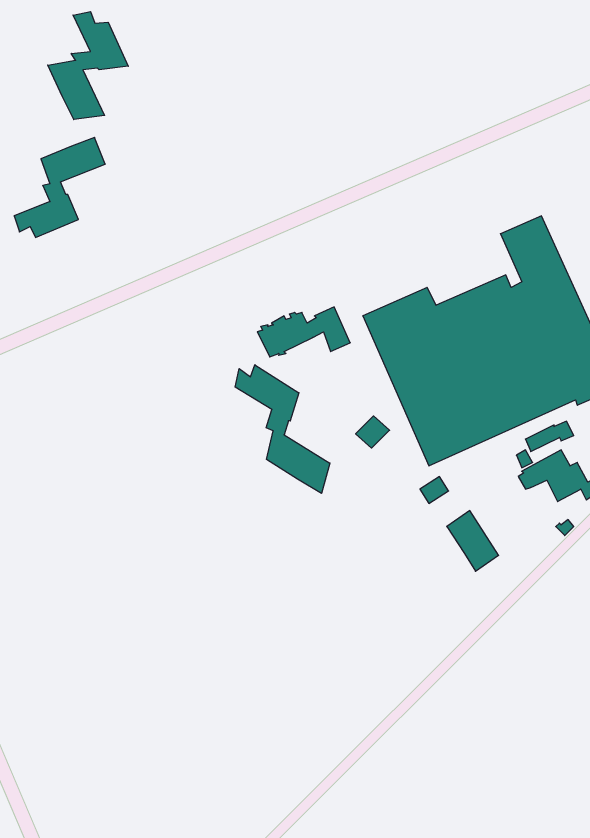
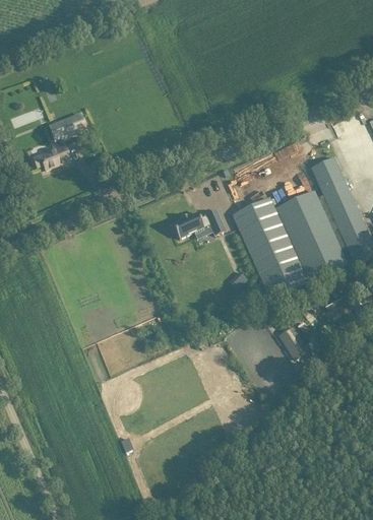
building: [48,12,128,120] -> none
building: [235,365,330,493] -> none

